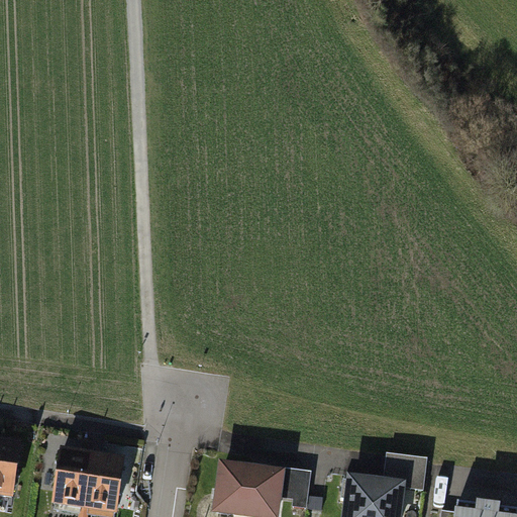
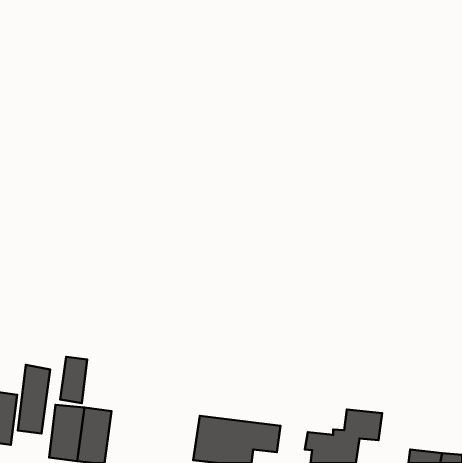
building: none -> [60,357,87,403]
building: none -> [18,365,50,434]

